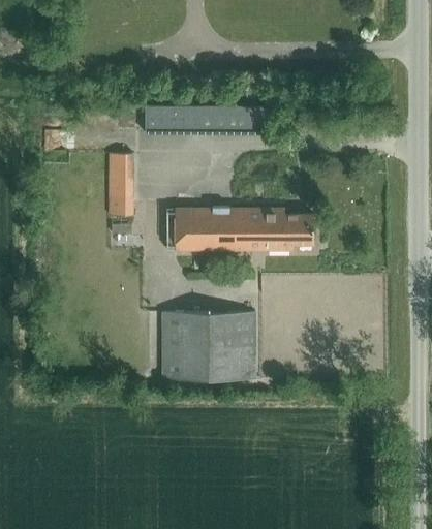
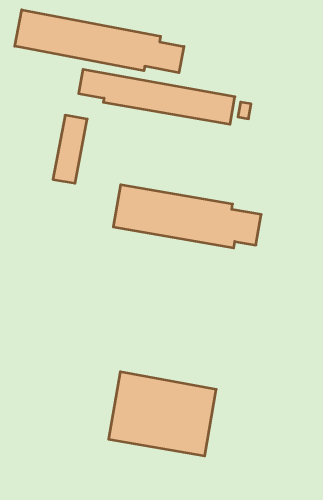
building: none -> [15,10,184,73]
building: [161,311,255,377] -> [109,372,216,456]

